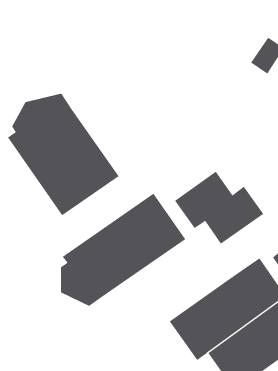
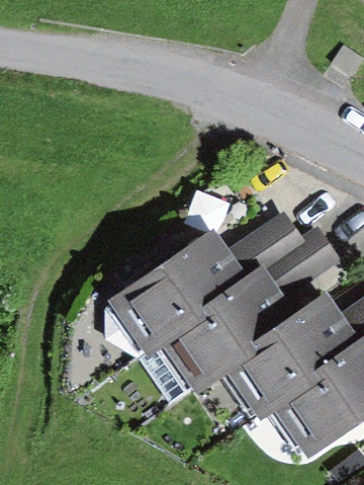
building: [7,93,120,216] -> none
building: none -> [158,271,303,403]

